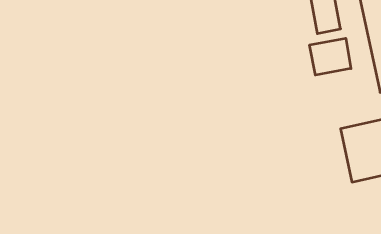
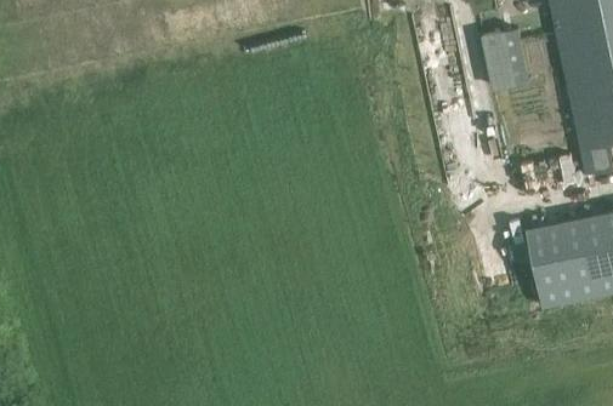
building: [310,38,351,75] -> none

